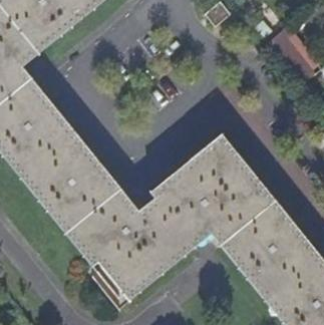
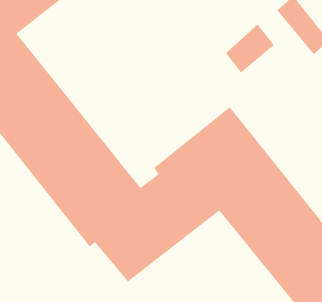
building: none -> [225,23,275,73]

